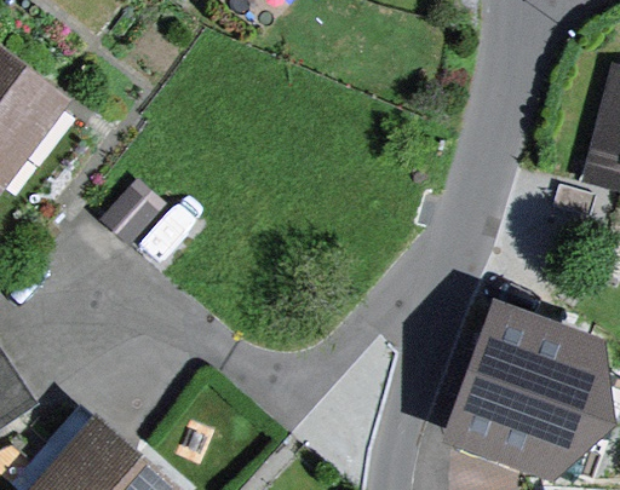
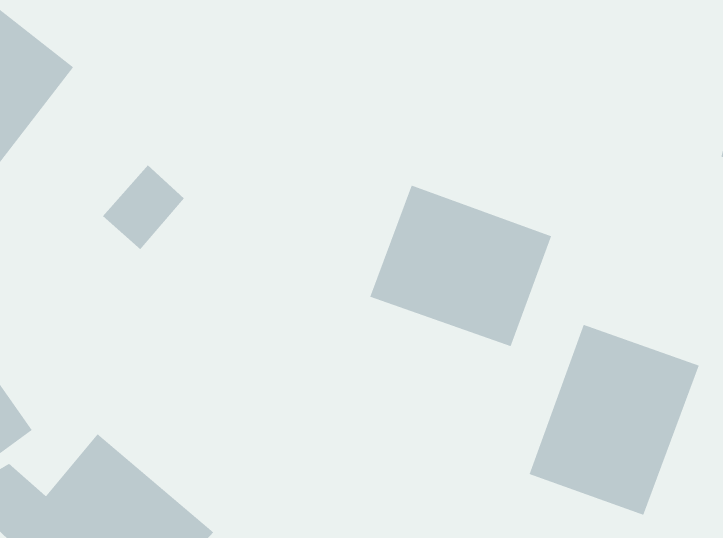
building: none -> [369,185,552,347]

